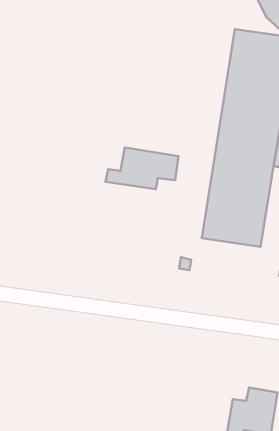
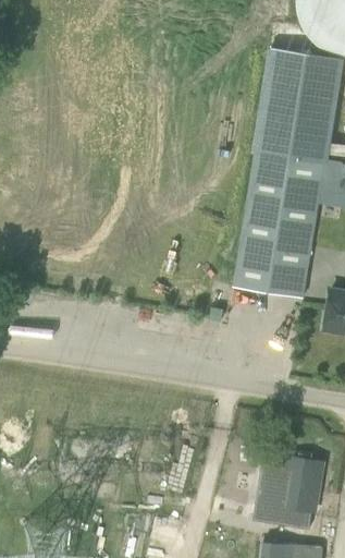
building: [106,148,179,189] -> none

